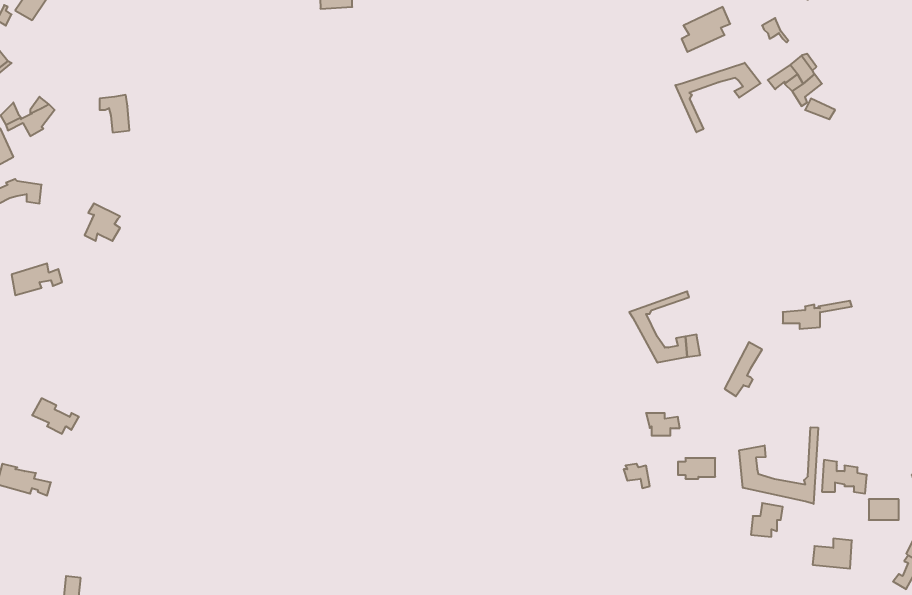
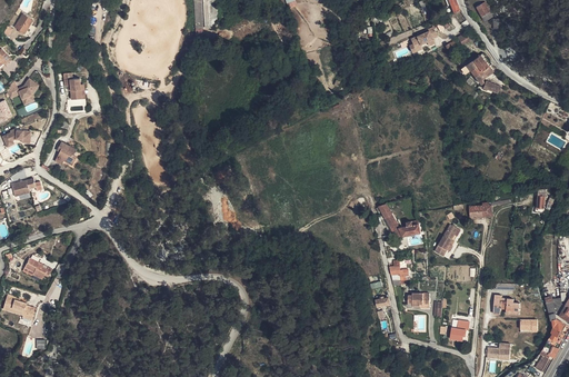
building: [675,63,761,132] -> none
building: [739,427,818,504] -> none

